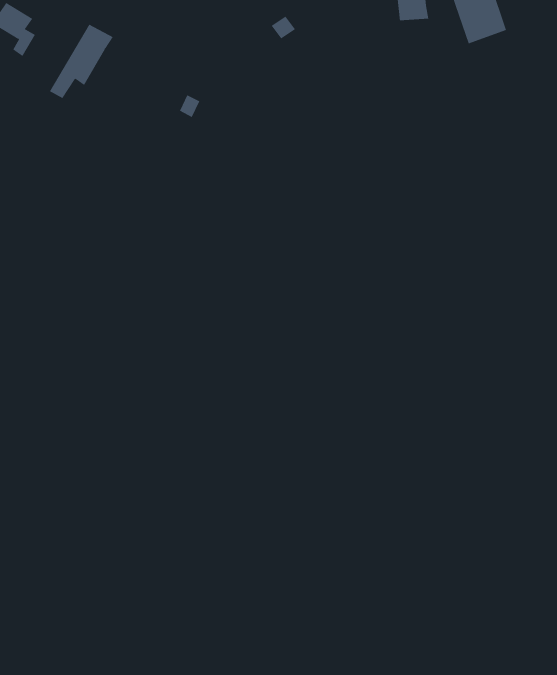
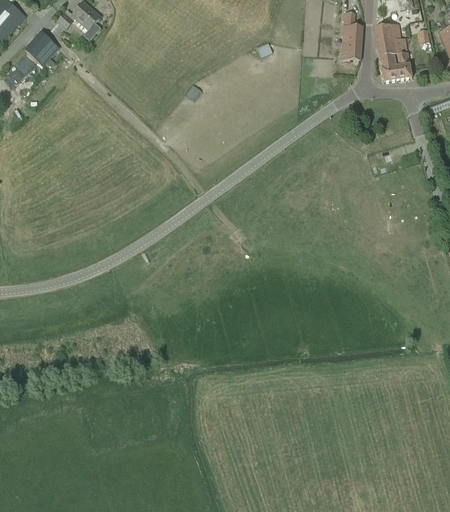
building: [49,24,114,99] -> none

